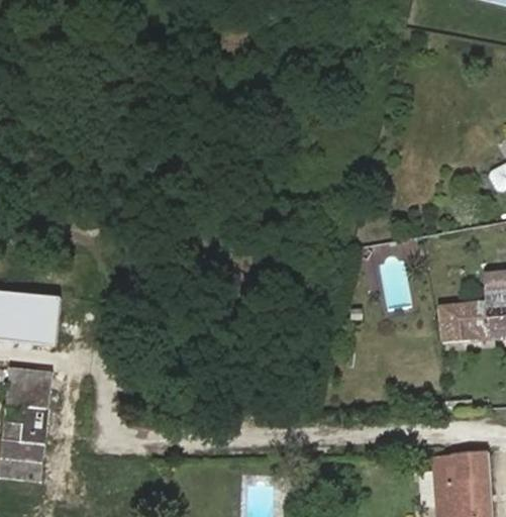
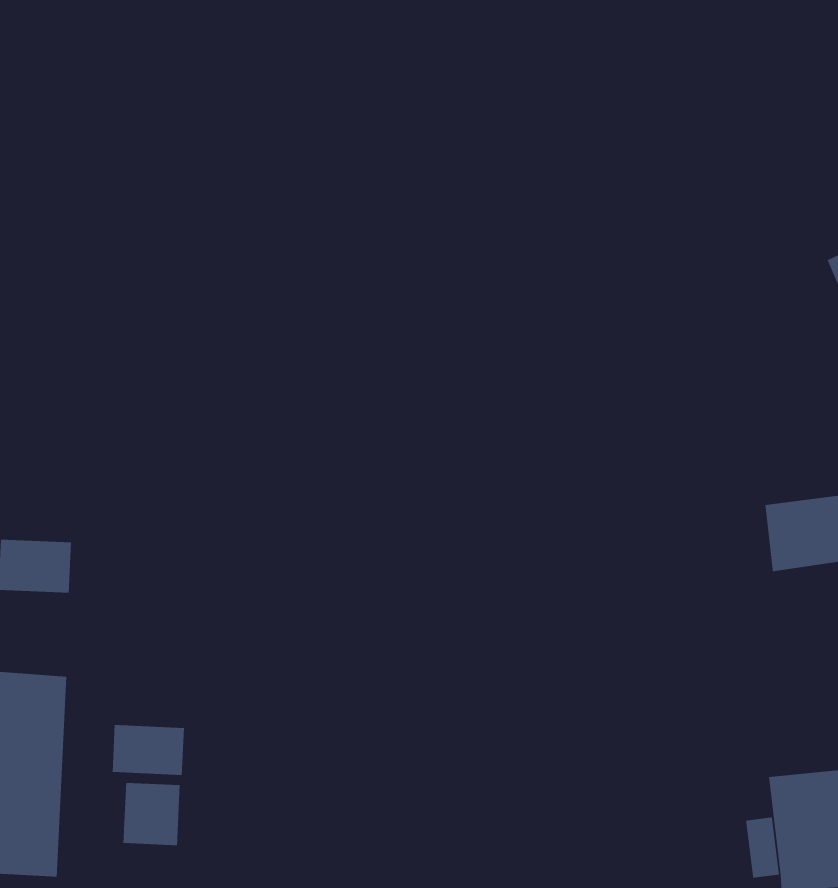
building: none -> [112,724,185,776]
building: none -> [122,782,181,846]

